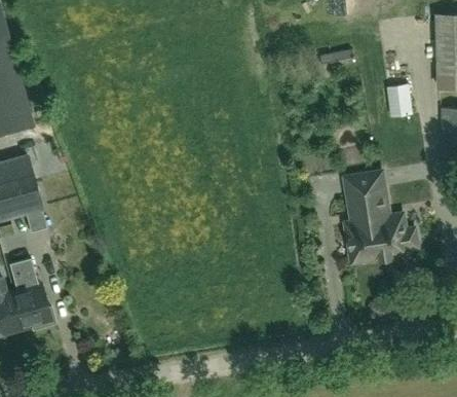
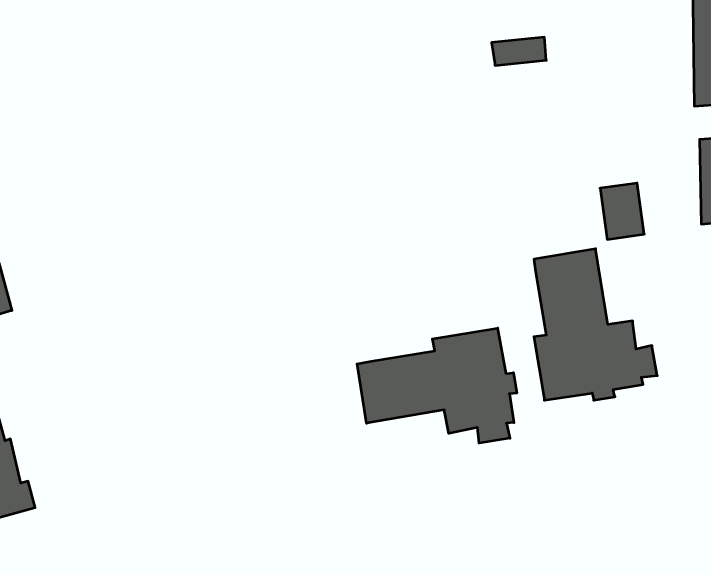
building: [390,83,416,116] -> [600,183,644,239]
building: none -> [357,328,517,443]

